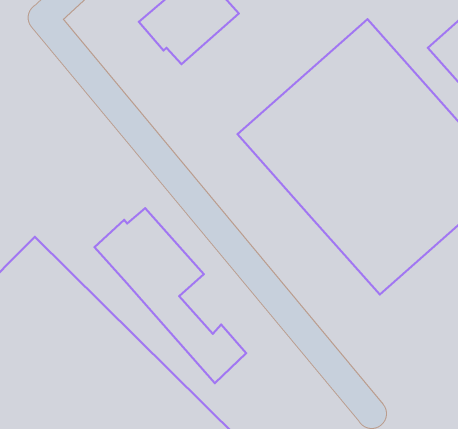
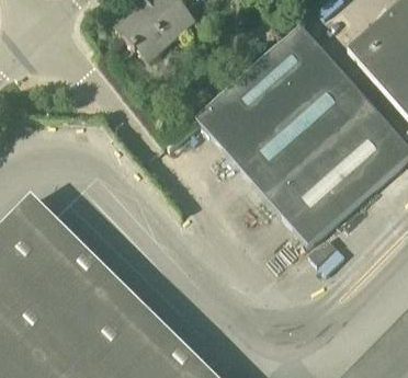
building: [95,208,246,383] -> none

